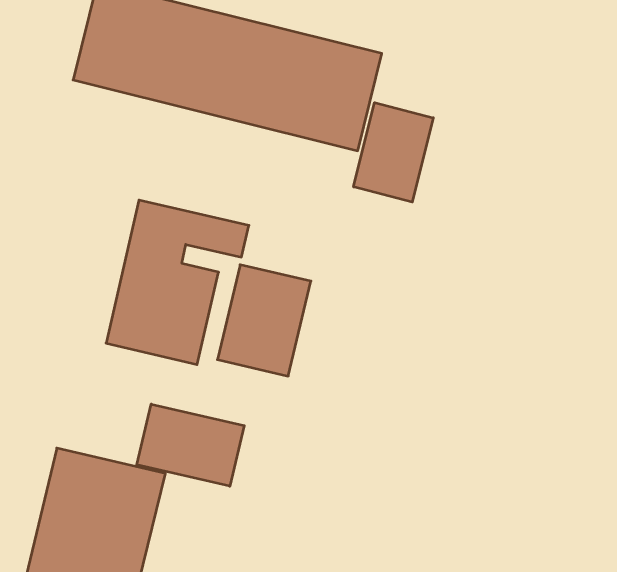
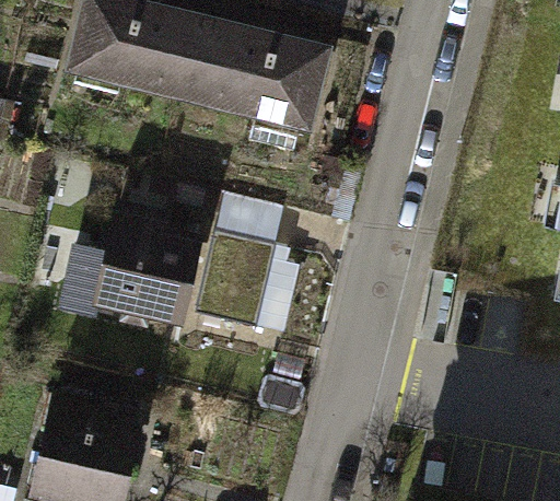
building: [354,103,433,202] -> none
building: [137,404,244,486] -> none

